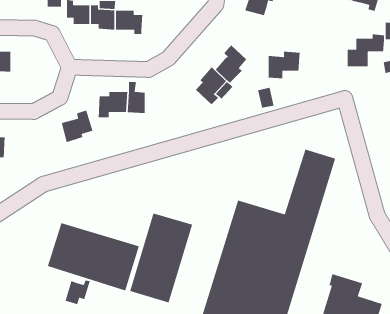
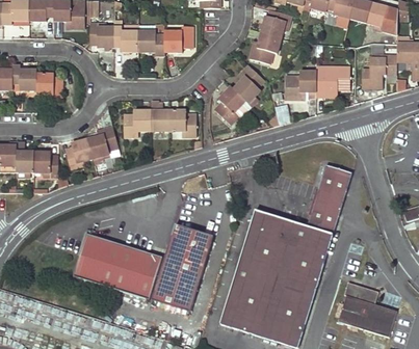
building: none -> [164,26,193,51]
building: none -> [251,31,282,63]
building: none -> [315,64,349,96]
building: none -> [38,74,63,98]
building: none -> [167,109,195,135]
building: none -> [64,138,91,168]
building: none -> [32,152,57,177]
building: [64,280,91,305] -> none

